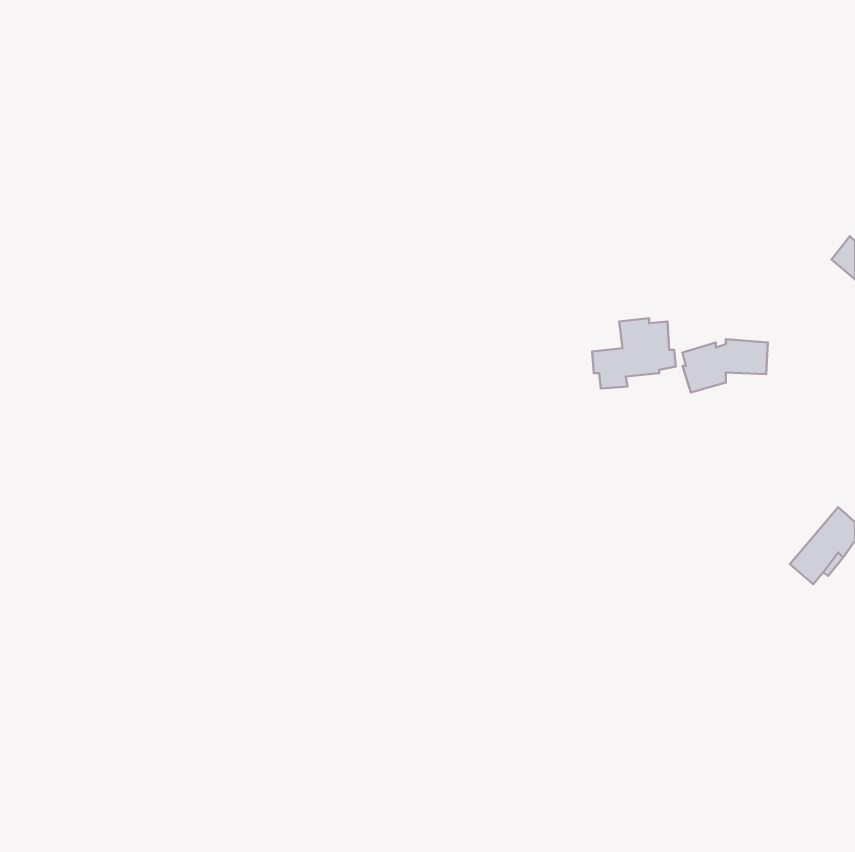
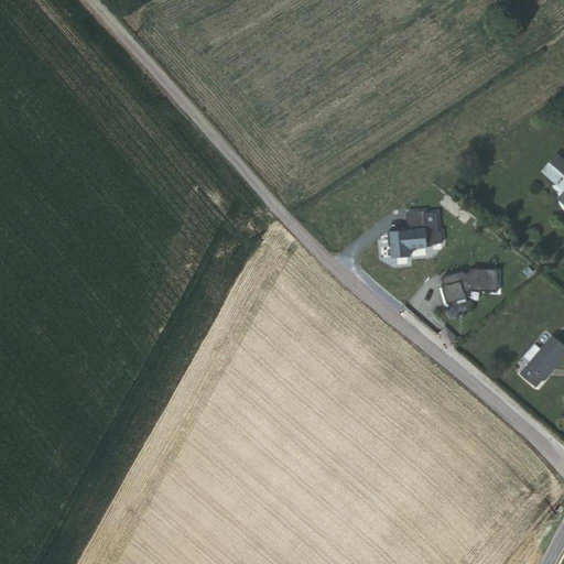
building: [682,339,768,393] -> [440,268,496,303]

